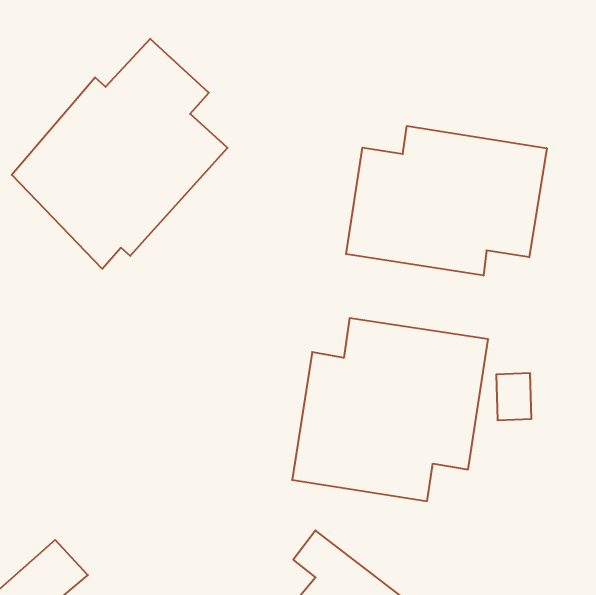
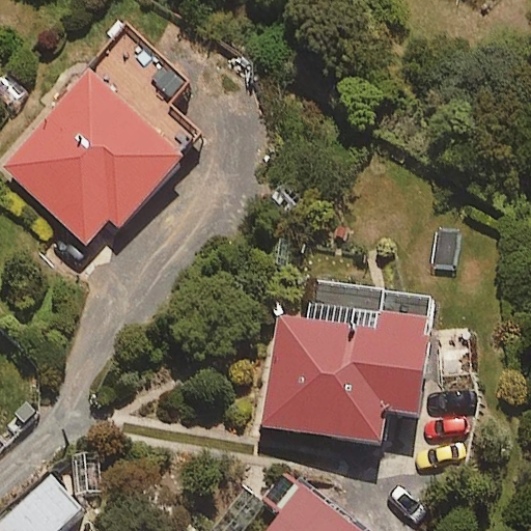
building: [346,126,547,276] -> none

